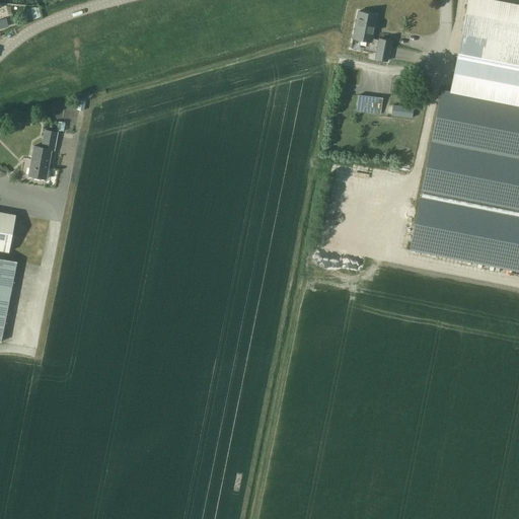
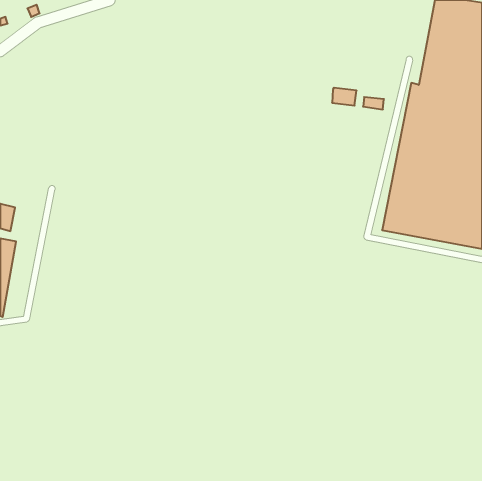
building: [353,12,391,62] -> none
building: [28,131,57,178] -> none

